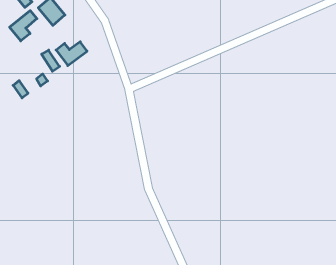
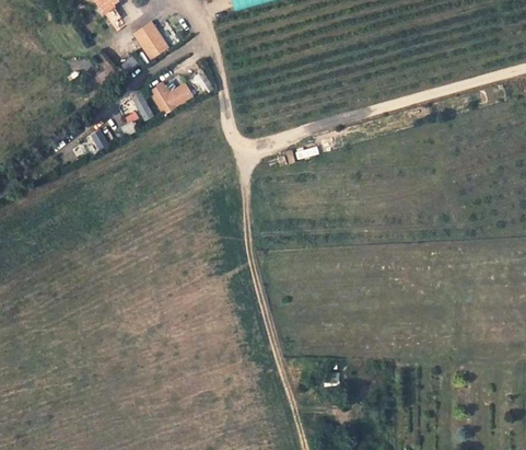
building: [10,11,37,41] -> none

